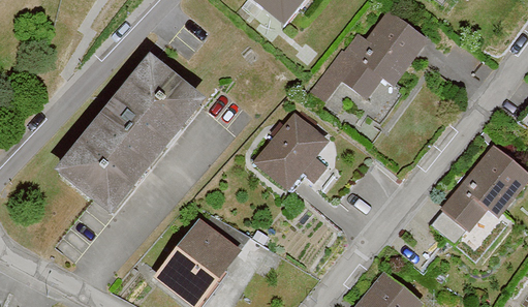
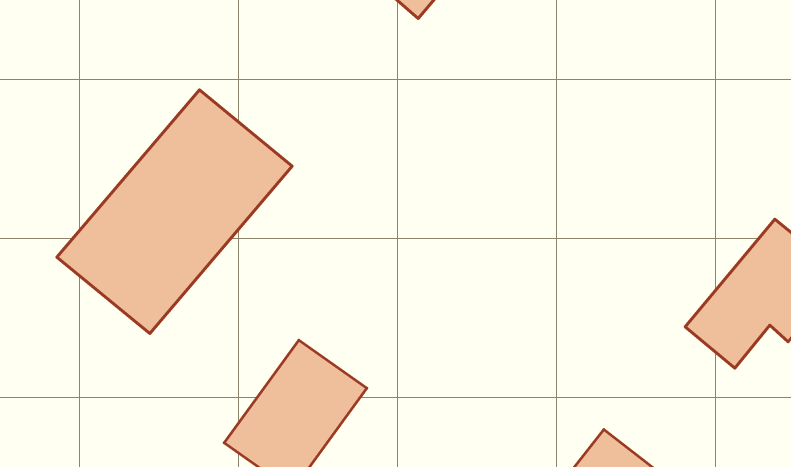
building: [311,11,433,109] -> none
building: [253,112,335,194] -> none

